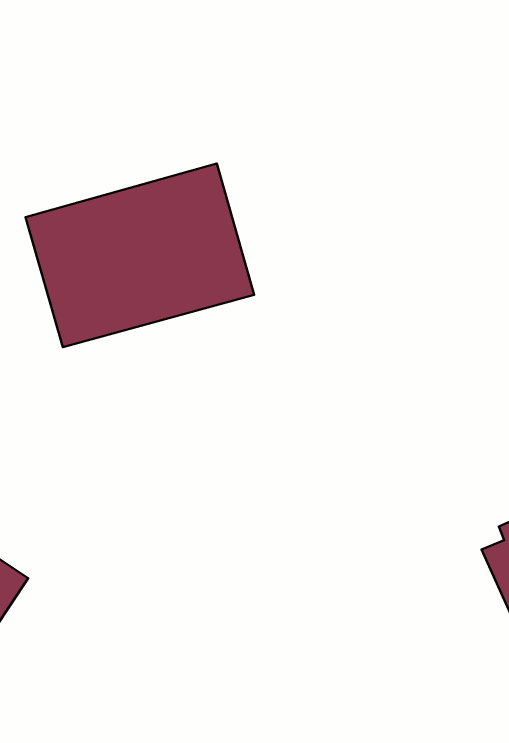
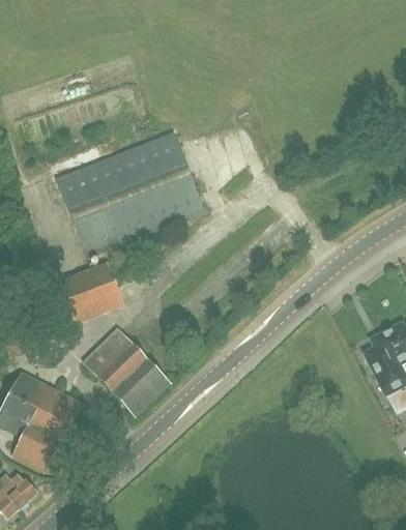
building: none -> [60,262,125,324]
building: none -> [84,328,171,416]

